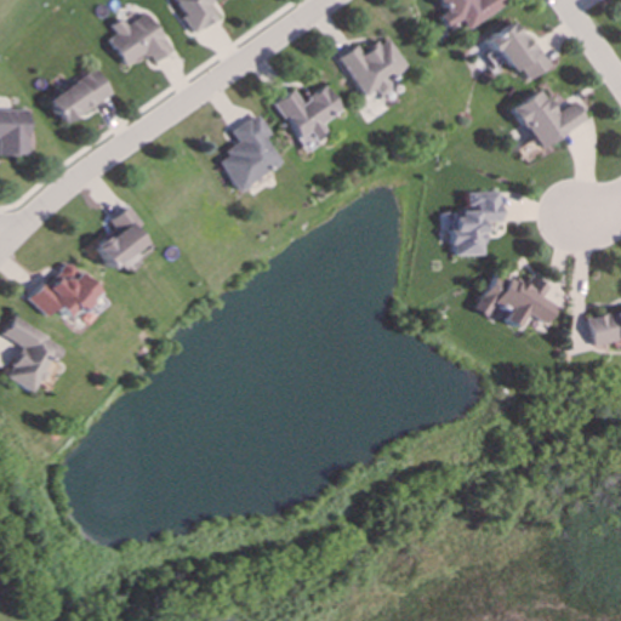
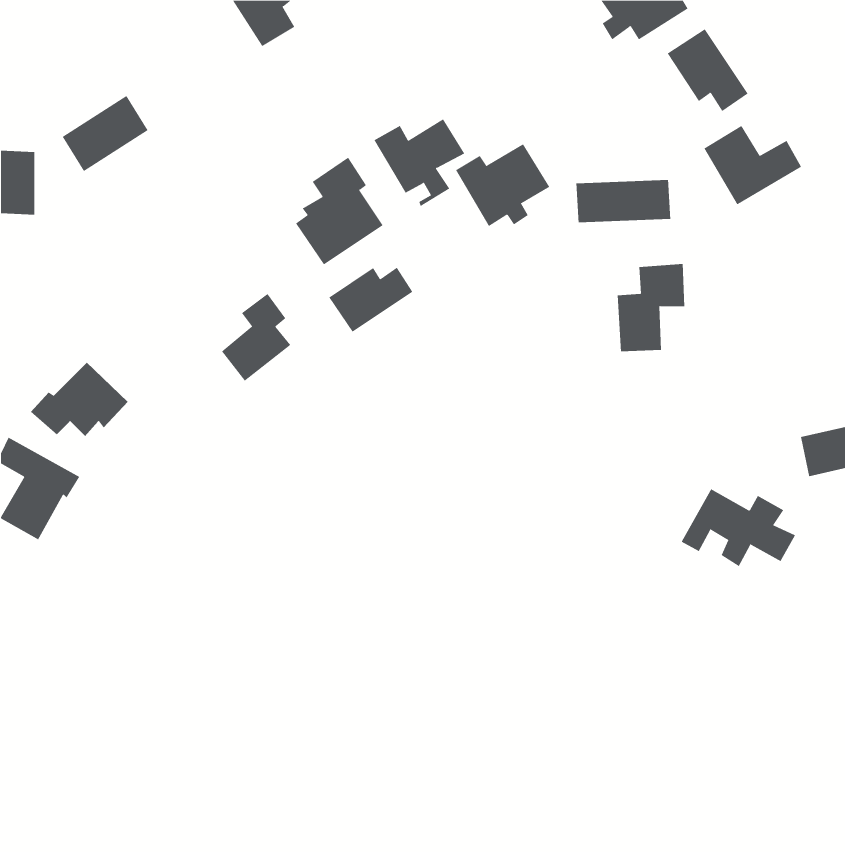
building: [109,13,172,68] -> none
building: [340,38,409,98] -> [455,144,550,227]
building: none -> [576,179,671,223]
building: none -> [329,267,413,333]
building: [95,206,146,270] -> [221,293,291,382]
building: [475,272,559,329] -> [681,488,796,567]

